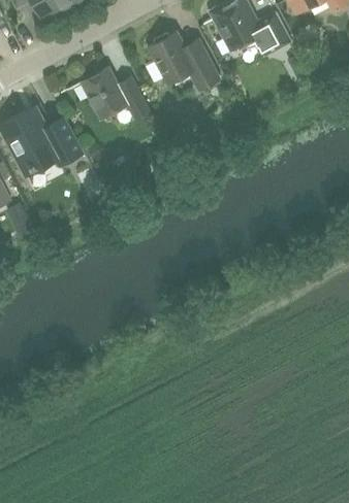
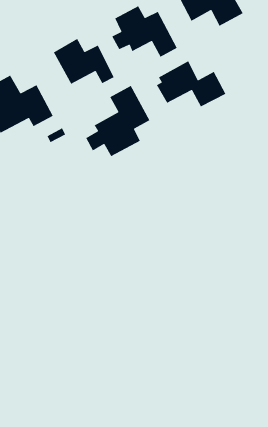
building: none -> [156,60,226,108]
building: none -> [85,85,151,157]

